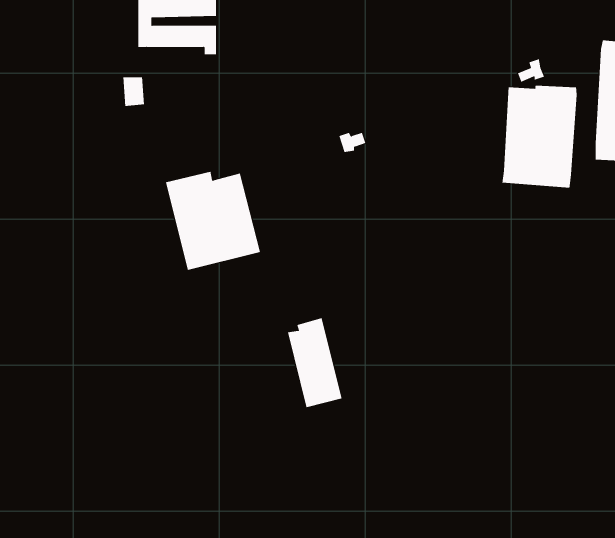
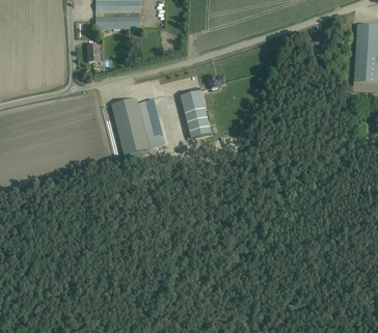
building: [502,85,577,188] -> none
building: [287,317,343,408] -> [181,87,212,138]

